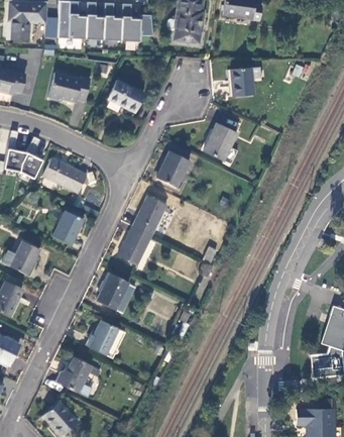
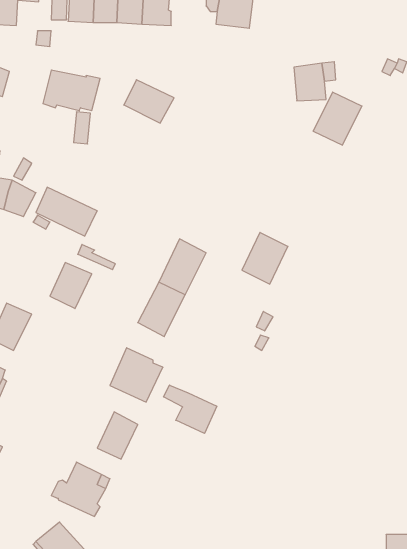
building: [202,122,237,160] -> [313,92,362,145]
building: [155,150,189,188] -> [242,232,288,284]
building: none -> [164,385,217,433]

